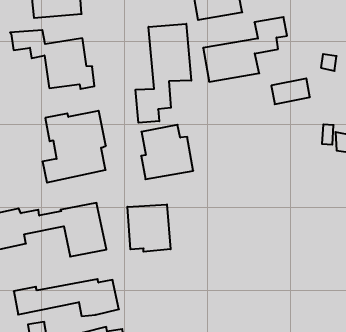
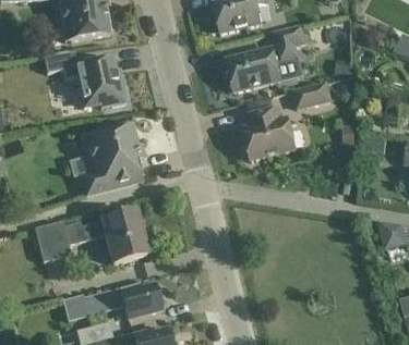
building: [136,24,191,123] -> none
building: [141,125,193,179] -> [243,107,294,160]
building: [127,204,171,252] -> none

